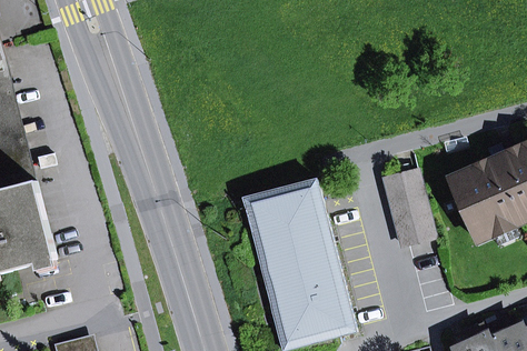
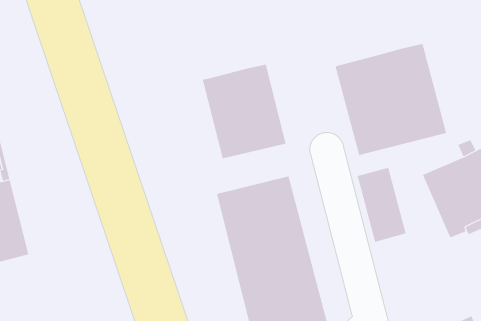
building: none -> [335,43,447,156]
building: none -> [202,64,286,159]

